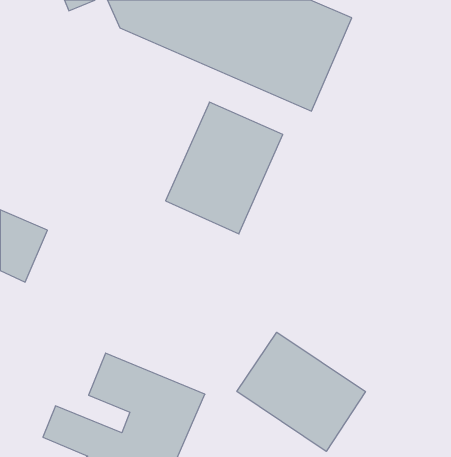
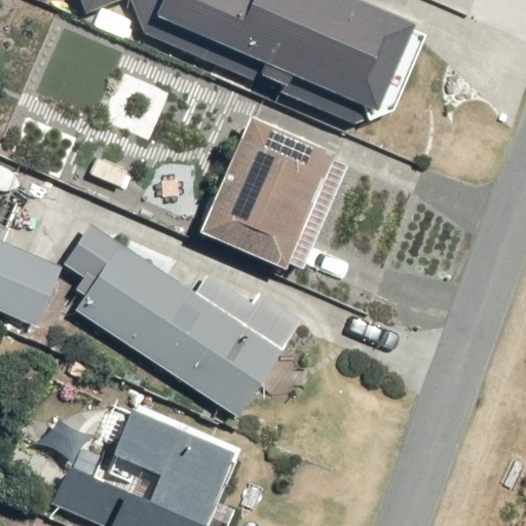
building: none -> [64,221,302,416]
building: [237,332,365,451] -> none

